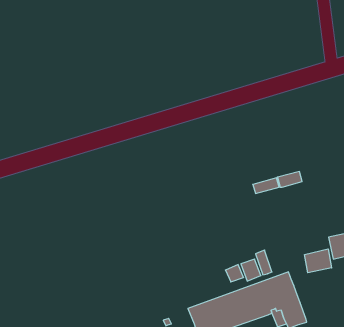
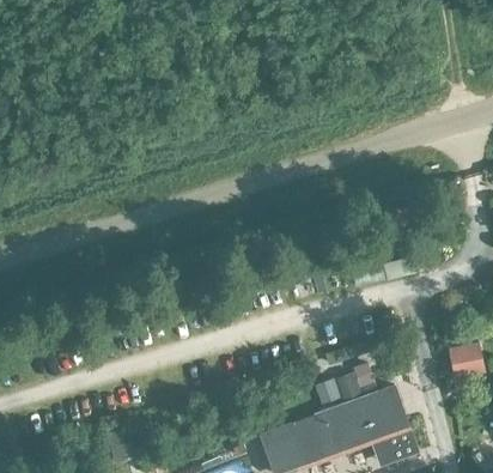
building: [305,249,332,273] -> none

